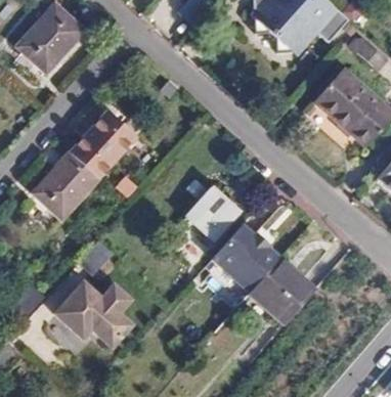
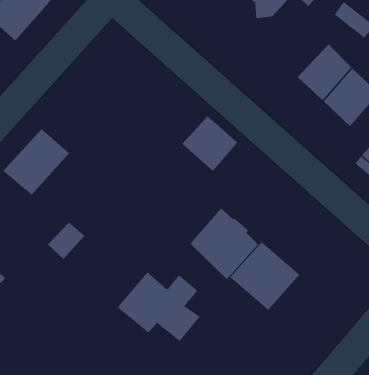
building: [74,111,136,174] -> none
building: [187,185,241,238] -> [182,115,238,172]
building: [55,280,134,347] -> [117,271,200,342]

